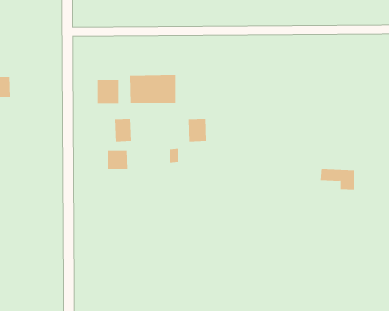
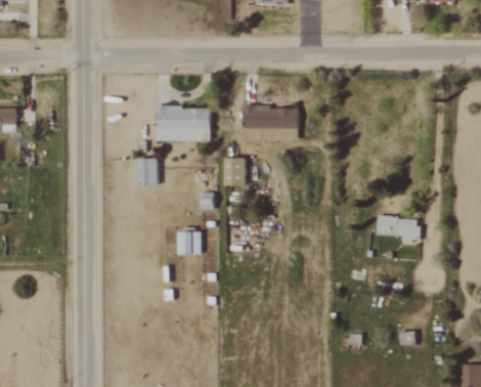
building: none -> [243,106,299,140]
building: [97,79,119,104] -> none
building: [107,150,128,169] -> [177,231,202,254]

